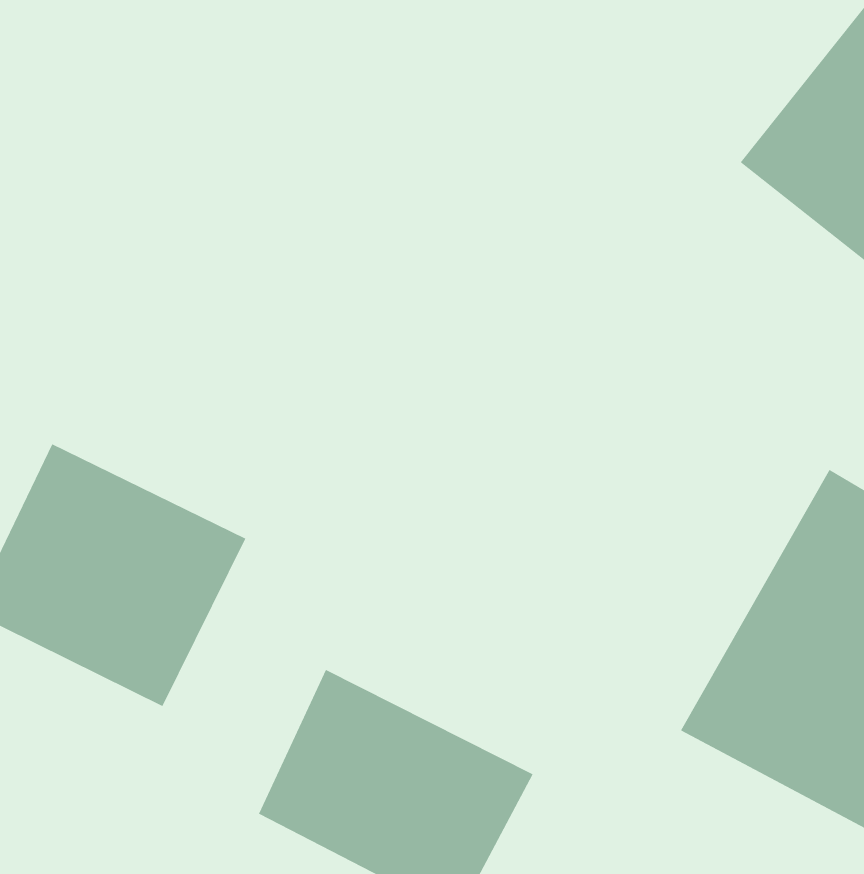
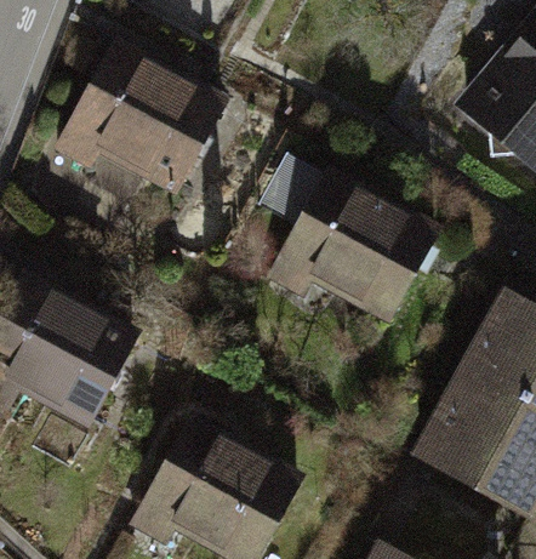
building: none -> [68,38,240,200]
building: none -> [272,164,450,327]

